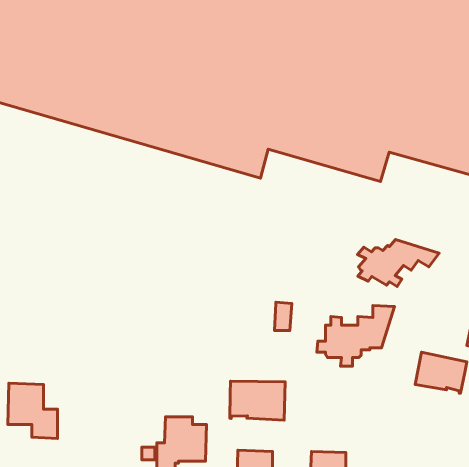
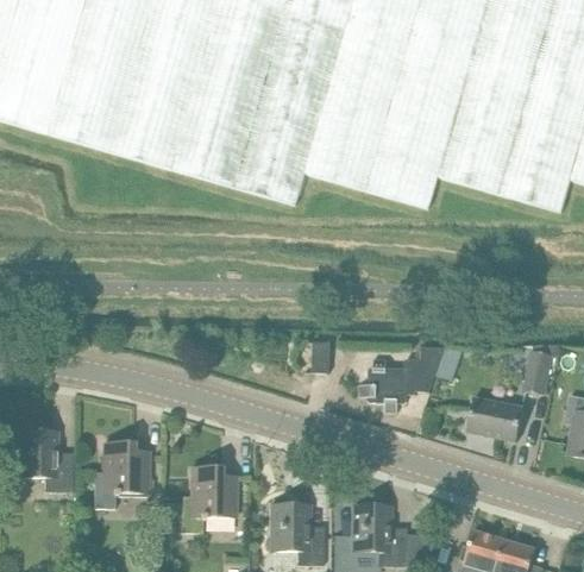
building: [358,239,439,286] -> none
building: [230,381,285,420] -> none
building: none -> [94,442,149,508]

